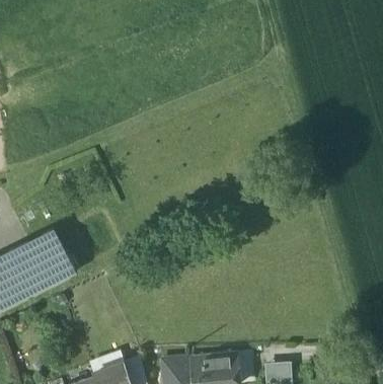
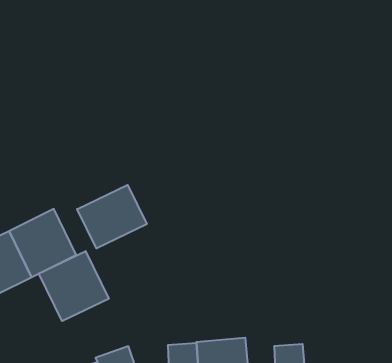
building: none -> [77,185,147,248]
building: none -> [39,251,109,321]

